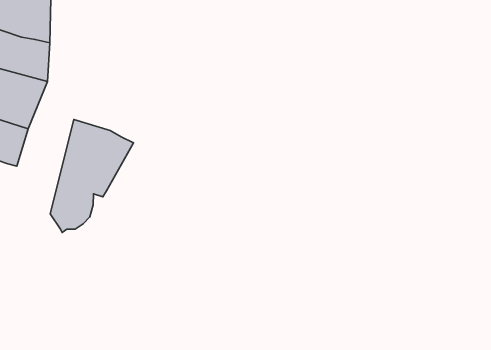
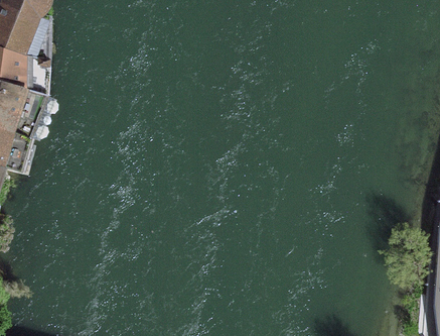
building: [50,120,134,232] -> none

